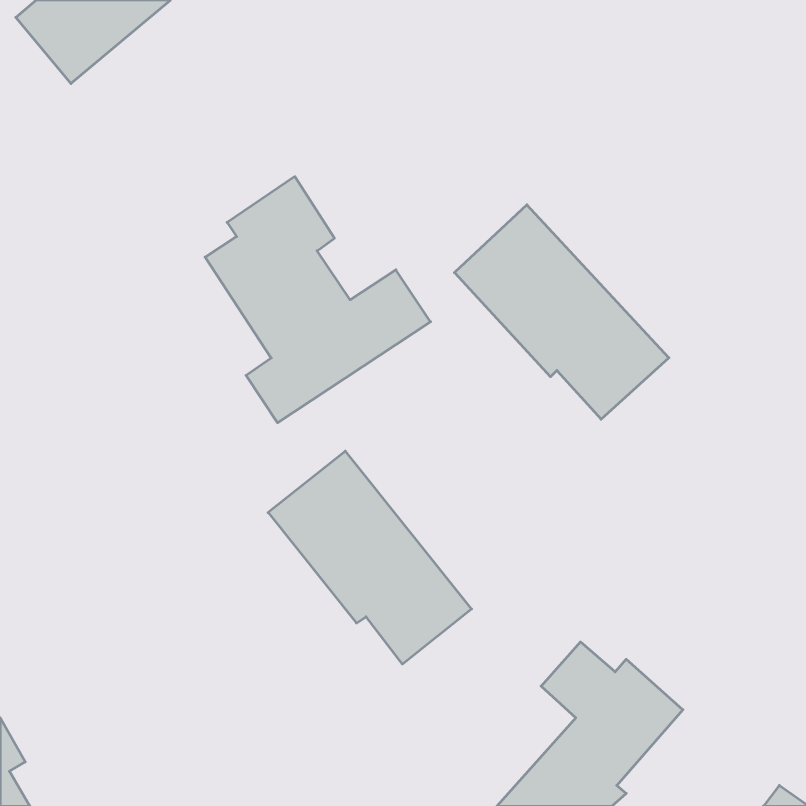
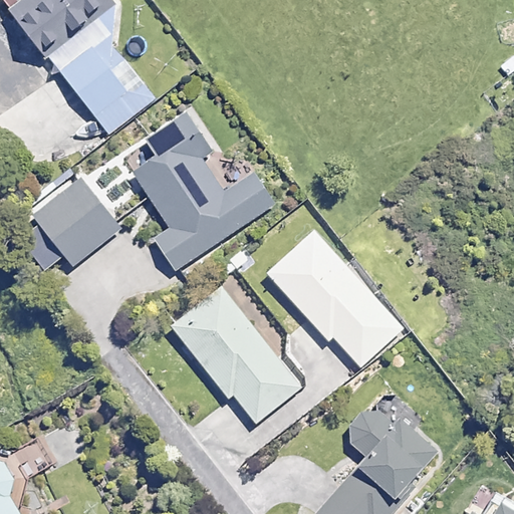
building: none -> [62,37,157,136]
building: [454,205,669,419] -> [267,231,404,367]
building: none -> [30,178,120,268]

